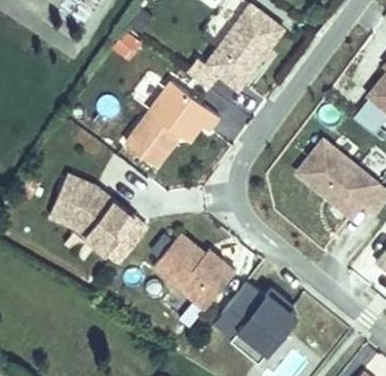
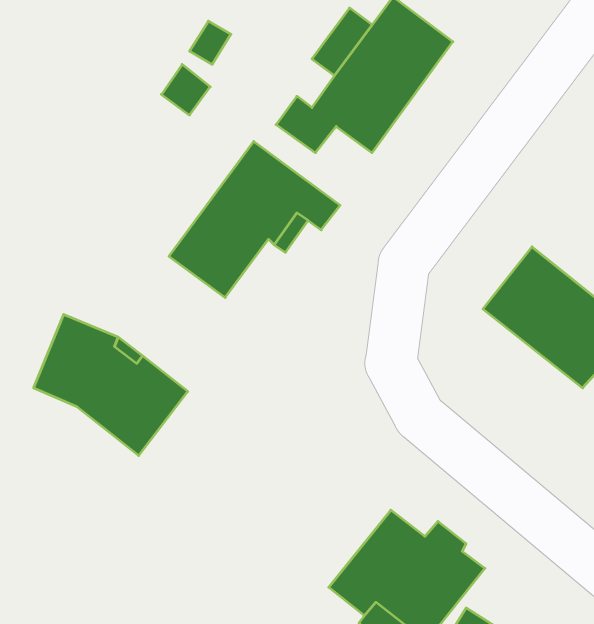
building: [154,234,236,309] -> none

